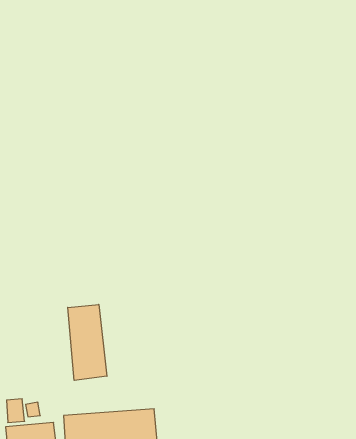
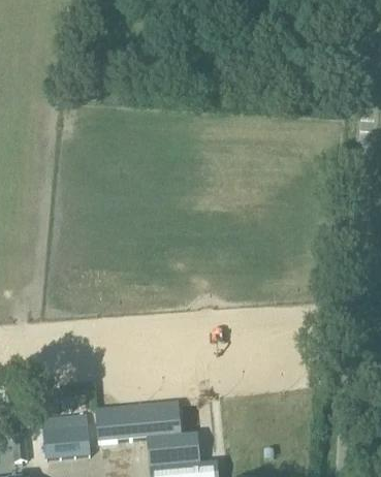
building: [68,304,107,380] -> none

